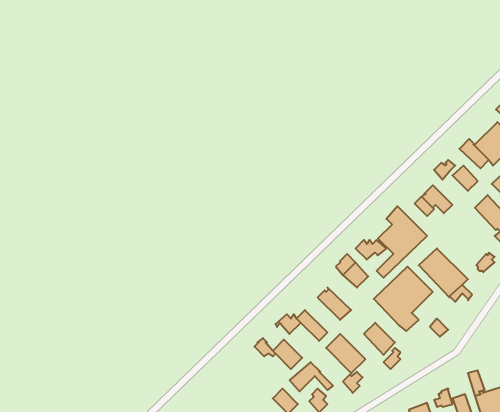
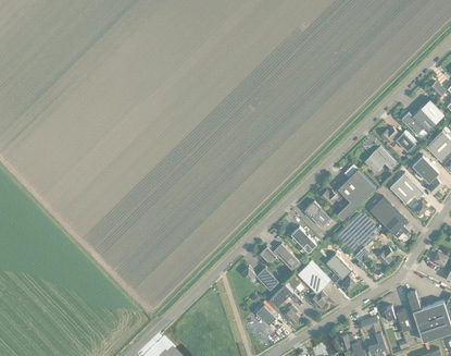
building: none -> [389,171,423,201]

